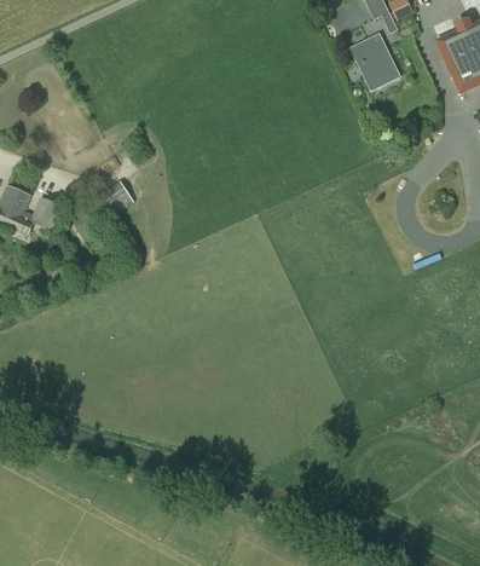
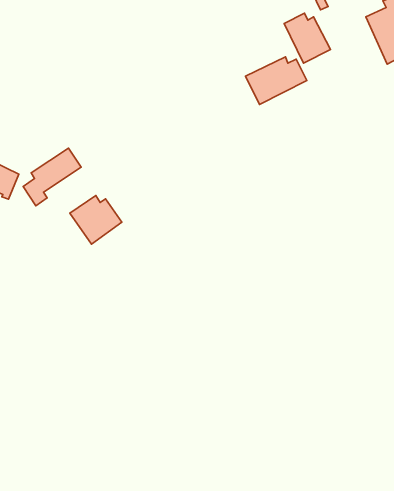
building: none -> [245,57,307,105]
building: none -> [70,196,122,244]

